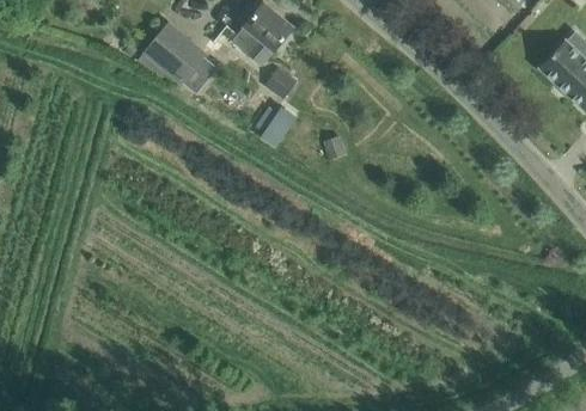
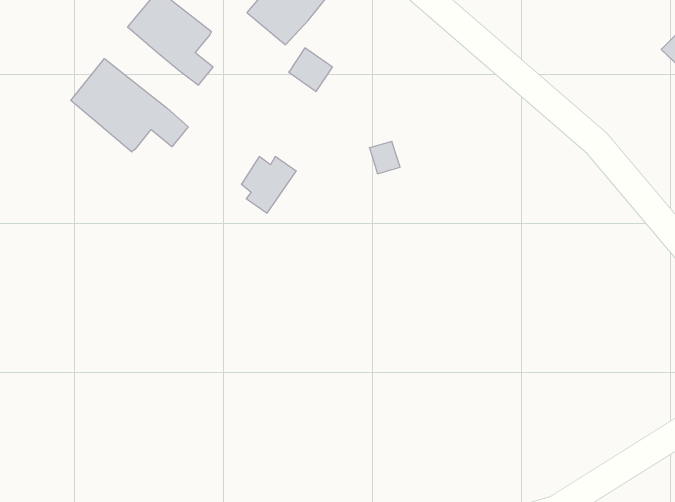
building: none -> [71,59,188,152]
building: [255,105,295,147] -> [241,157,296,213]

